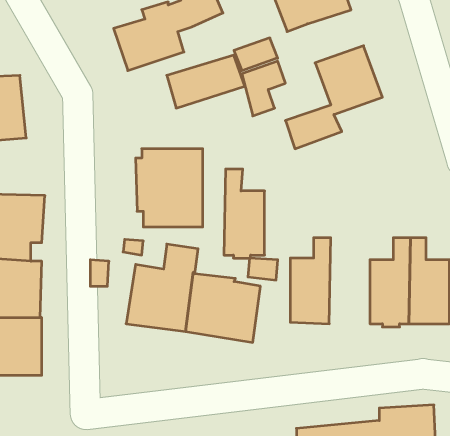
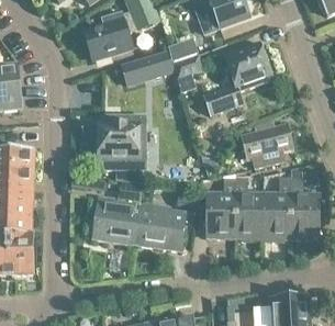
building: none -> [243,119,292,167]
building: [224,169,265,258] -> [235,177,264,239]

